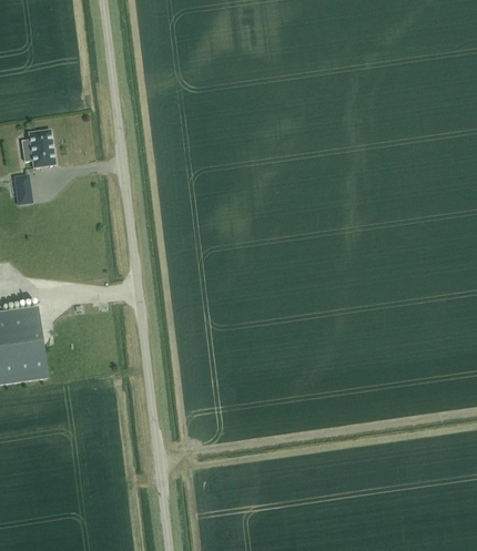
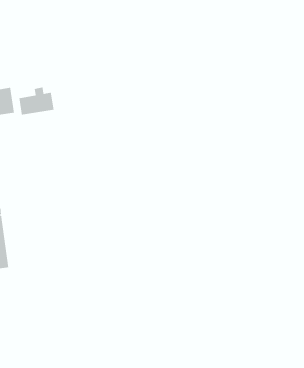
building: none -> [18,87,54,115]

